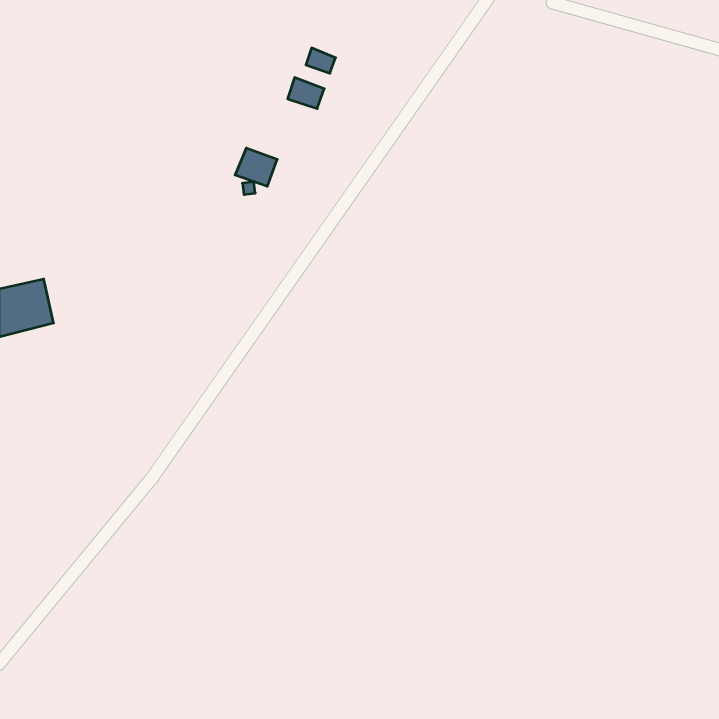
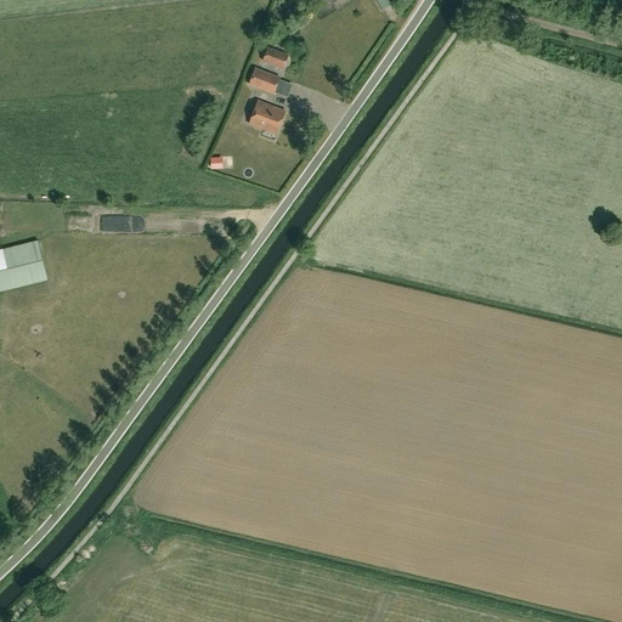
building: [235,148,277,186] -> [248,101,284,134]

